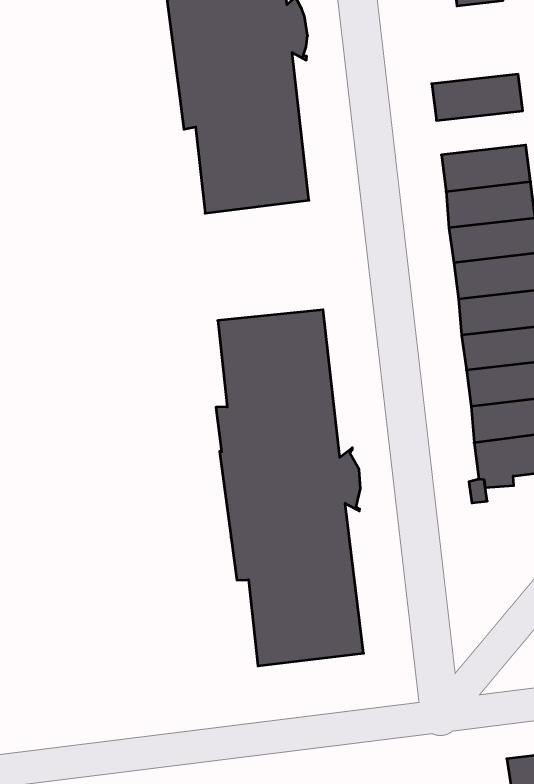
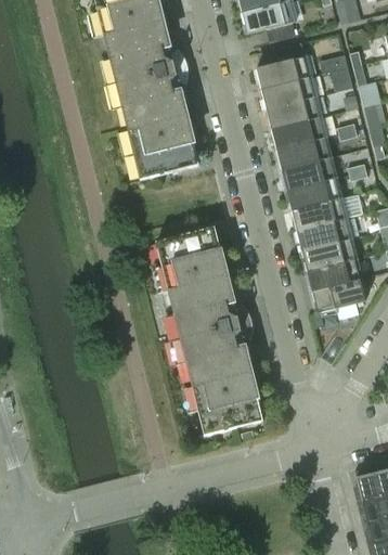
building: none -> [257,43,311,90]
building: none -> [268,99,321,130]

